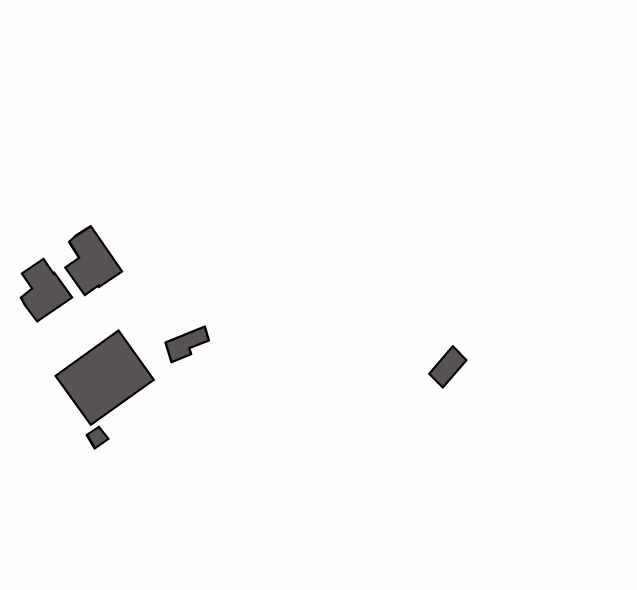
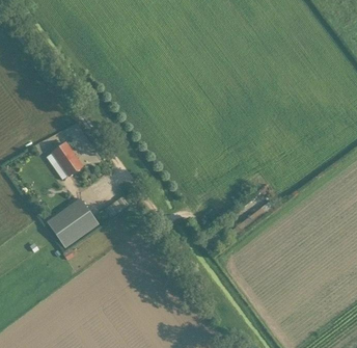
building: [21,259,72,322] -> none

